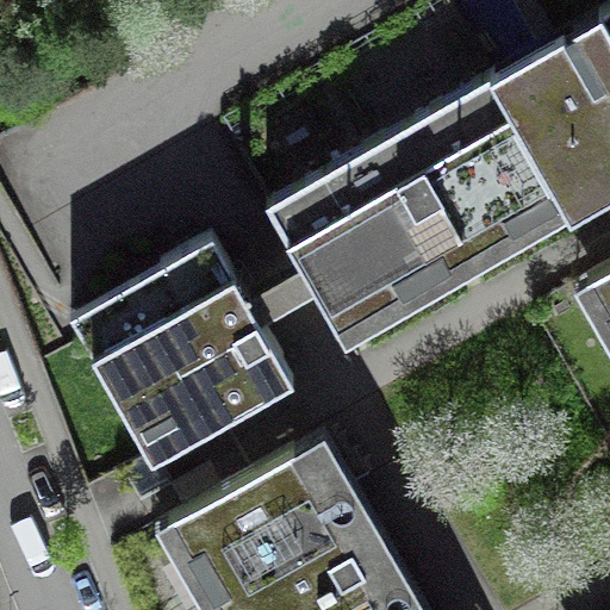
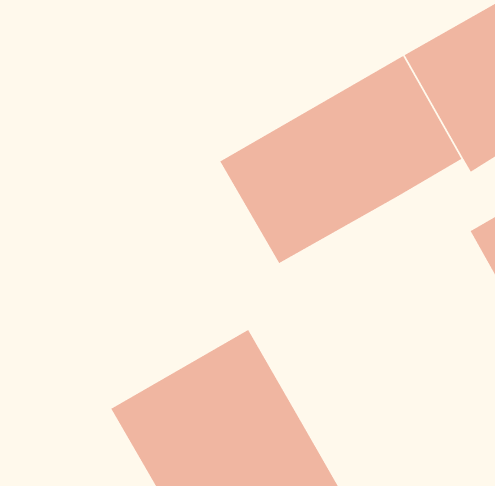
building: [81,247,298,463] -> none

